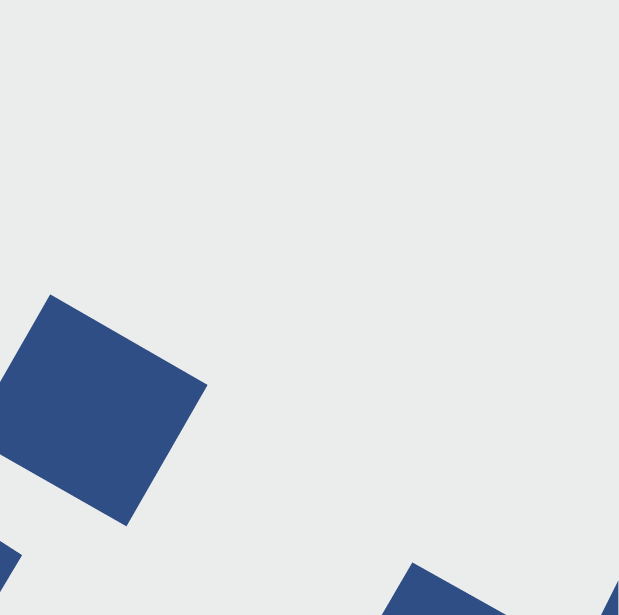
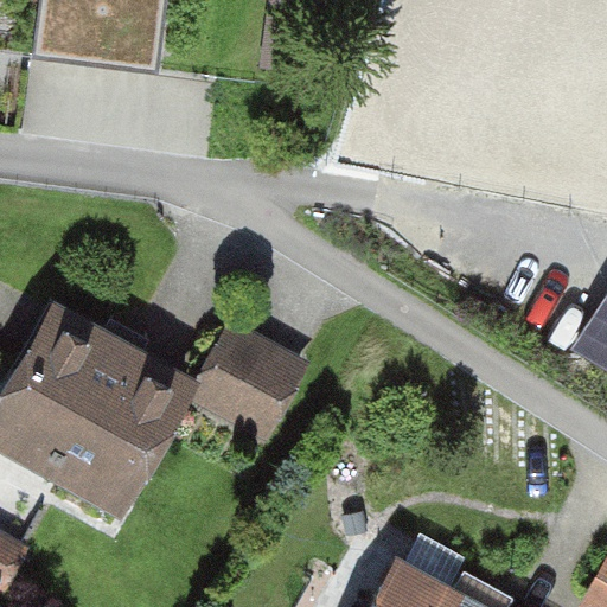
building: none -> [192,328,306,445]

